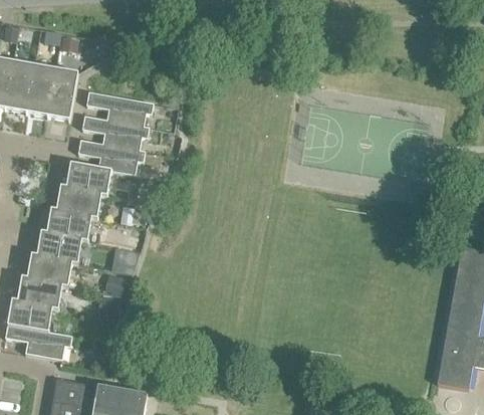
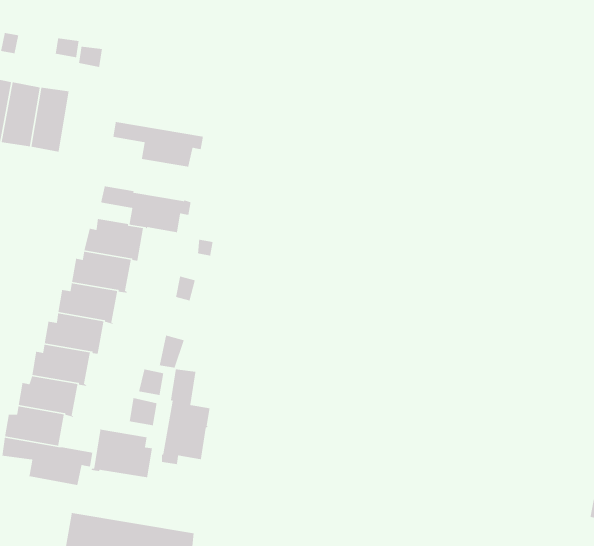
building: [47,66,78,120] -> none
building: [82,114,150,149] -> none
building: none -> [161,369,210,465]
building: none -> [90,429,153,478]

